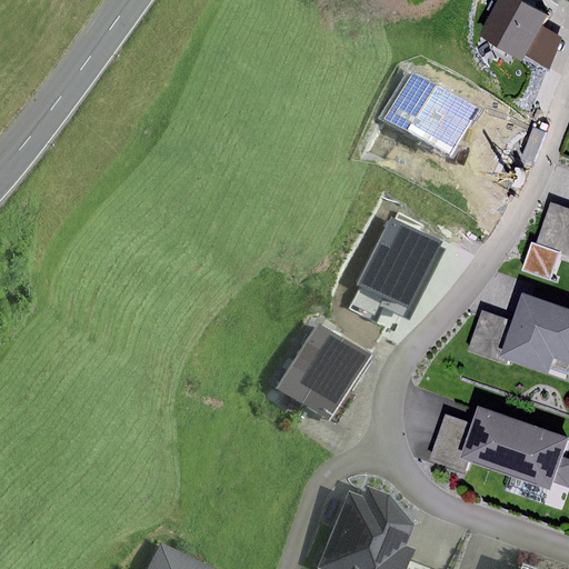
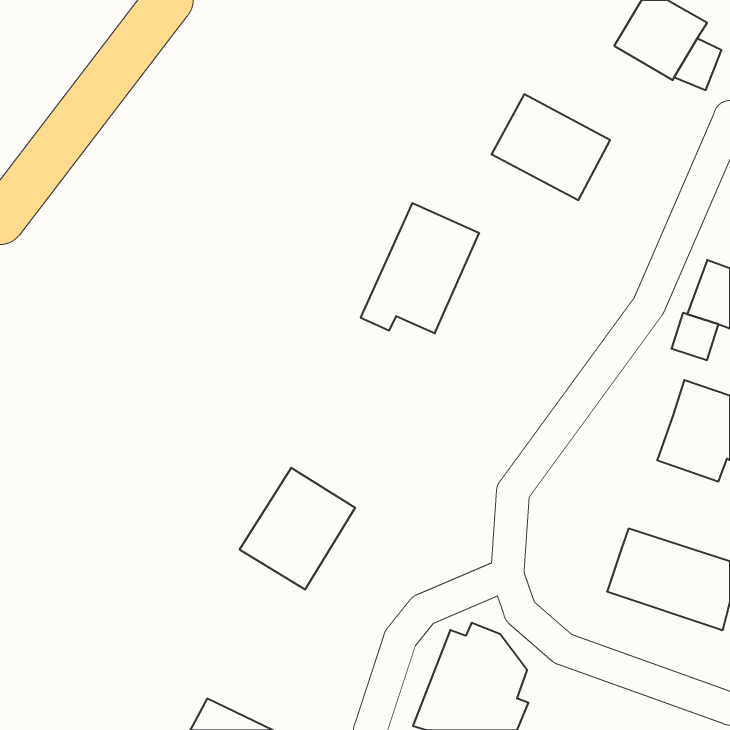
building: [351,219,443,320] -> [361,203,479,333]
building: [472,310,523,365] -> none
building: [278,325,368,419] -> [240,468,355,589]
building: [436,416,483,471] -> none

